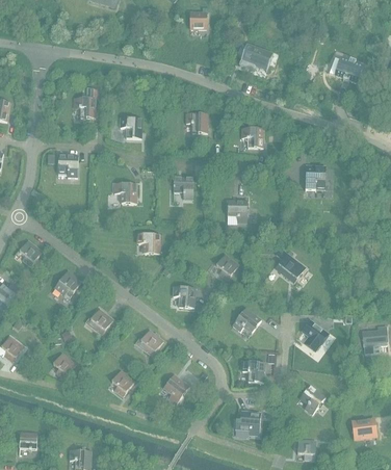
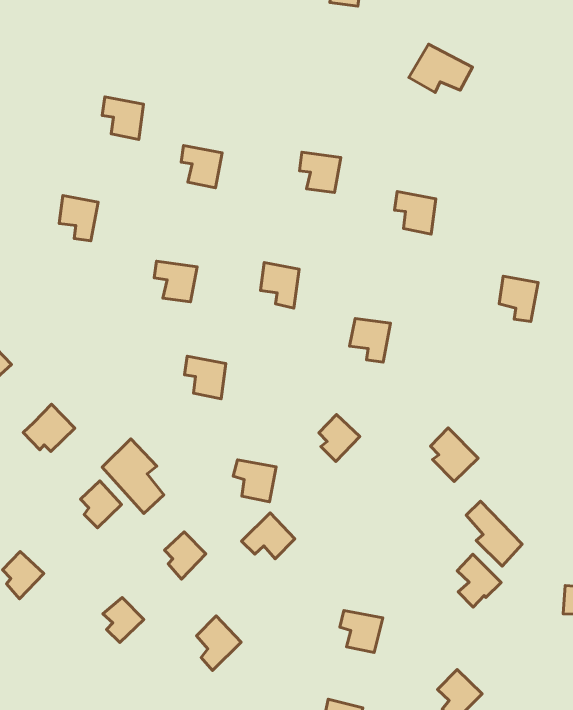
building: none -> [102,439,164,514]
building: none -> [466,501,522,566]
building: [231,307,260,332] -> [242,513,295,559]

